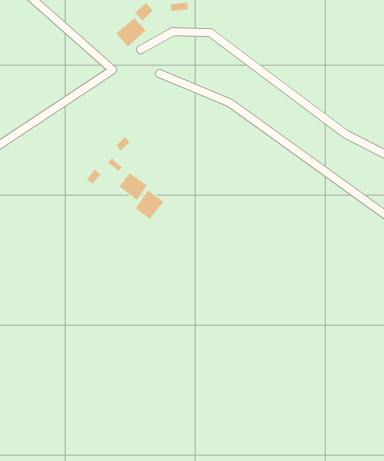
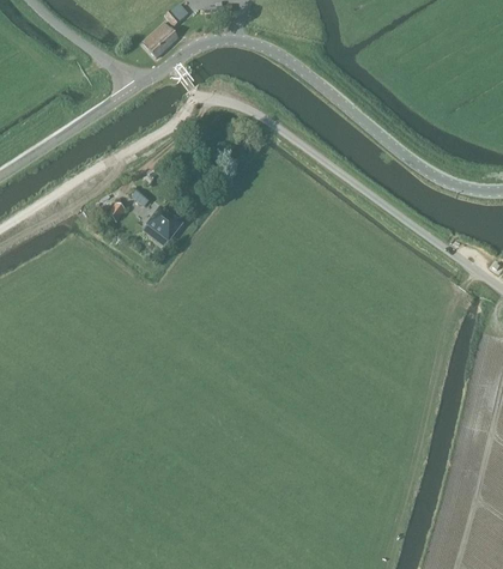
building: [135,190,164,220] -> none

